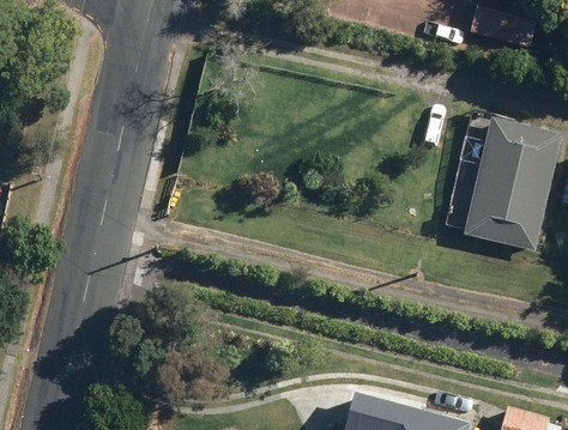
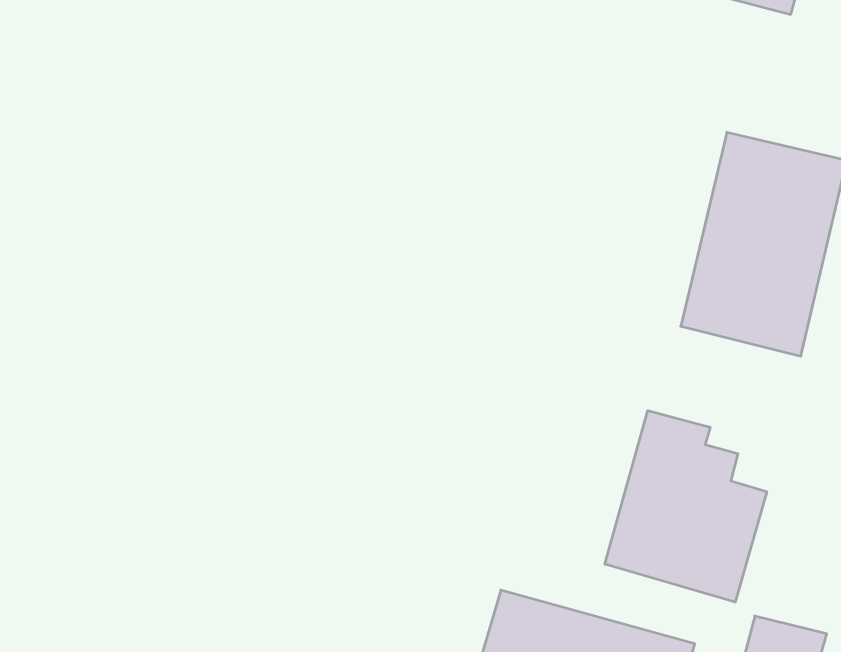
building: none -> [605,411,767,602]

